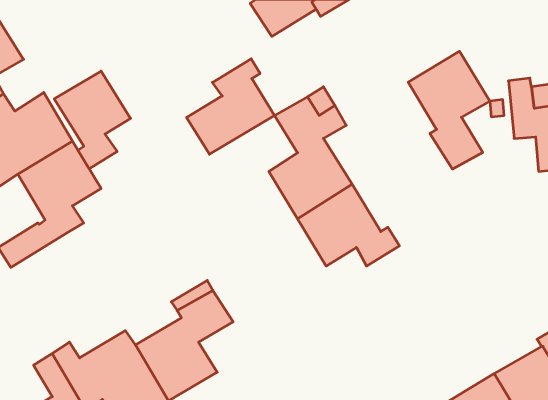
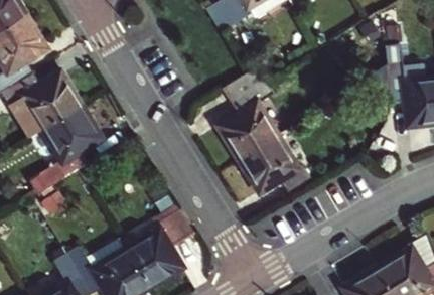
building: [408,51,490,169] -> none
building: [187,59,275,154] -> none
building: [54,71,131,169] -> none

